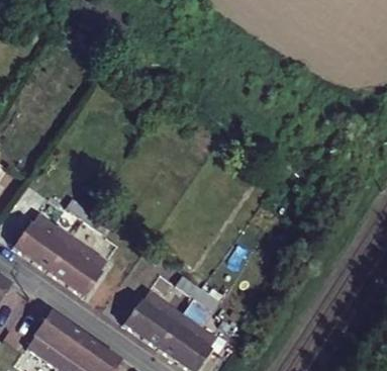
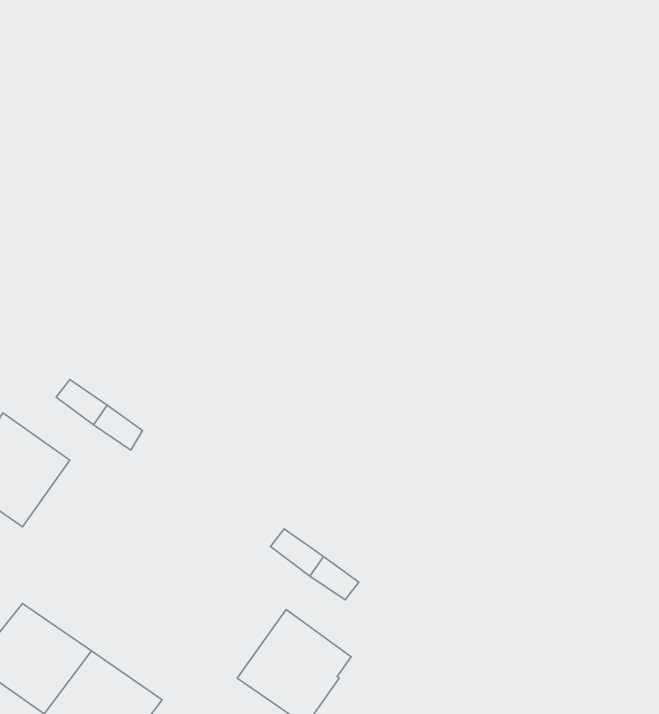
building: [50,238,108,297] -> none
building: [123,290,185,350] -> none

